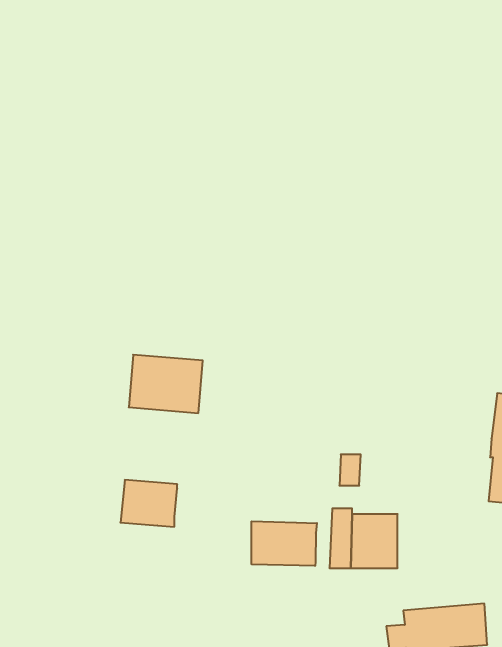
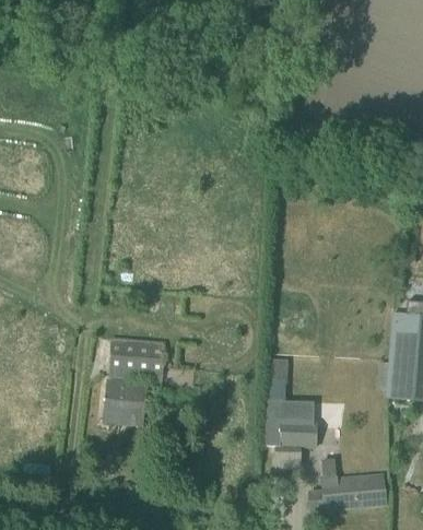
building: [129,355,203,413] -> [108,335,165,380]
building: [252,521,317,566] -> none

